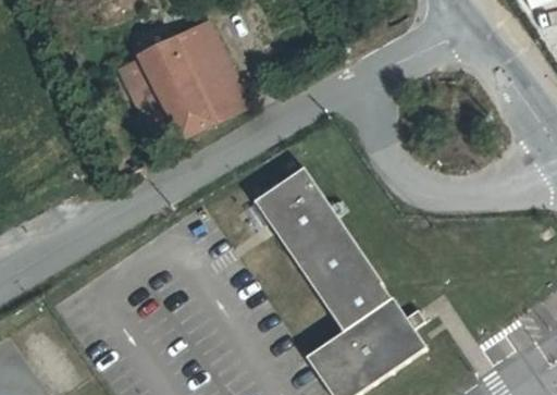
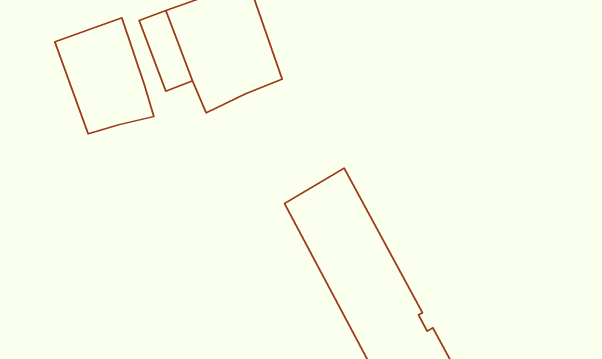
building: none -> [55,18,154,134]

